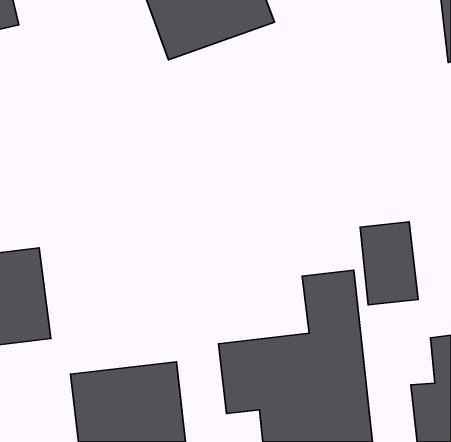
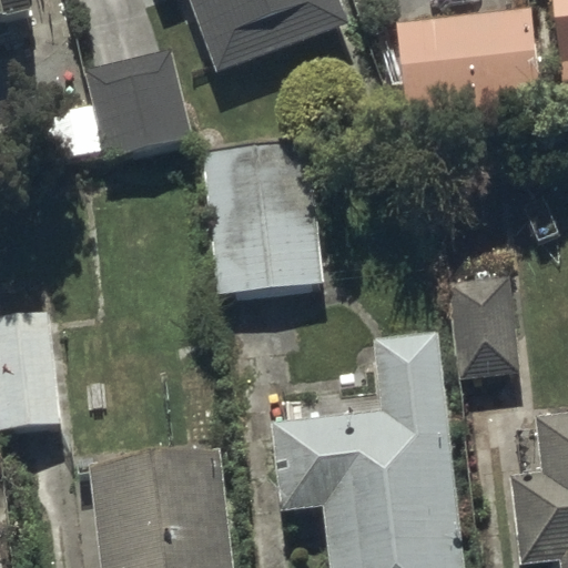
building: none -> [392,10,536,115]
building: none -> [80,41,189,141]
building: none -> [224,142,322,293]

